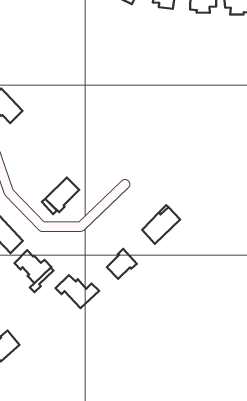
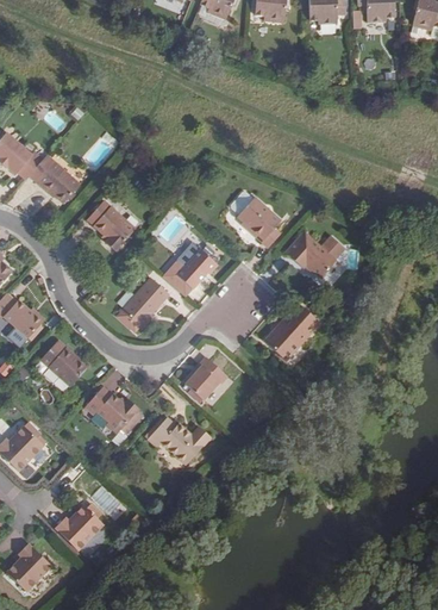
building: none -> [87,201,134,251]
building: none -> [232,193,282,249]
building: none -> [286,234,336,279]
building: none -> [176,250,218,290]
building: [107,249,137,279] -> [186,355,229,399]

